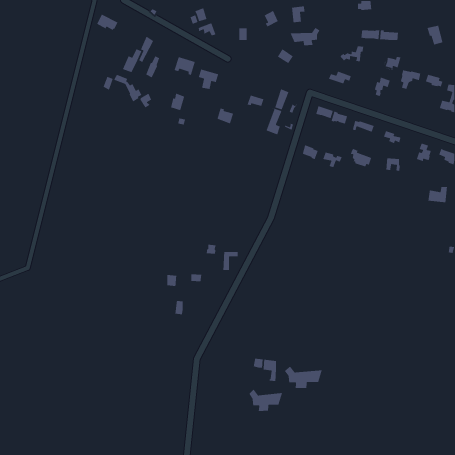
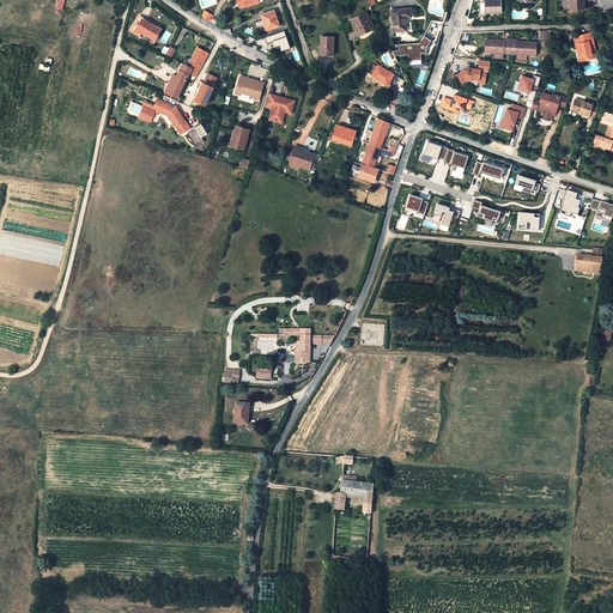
building: [284,366,323,389] -> none
building: [248,389,283,412] -> none

